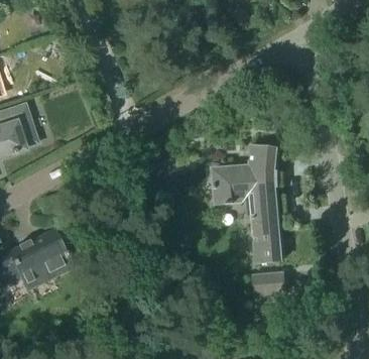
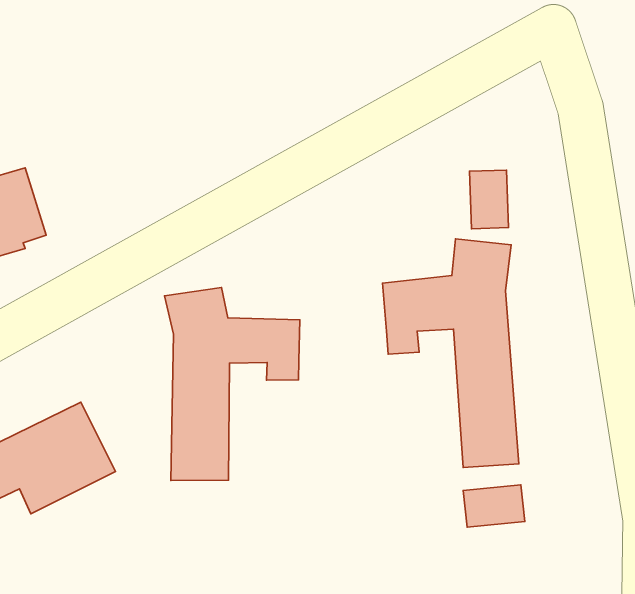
building: none -> [470,170,509,229]
building: none -> [164,287,300,481]

